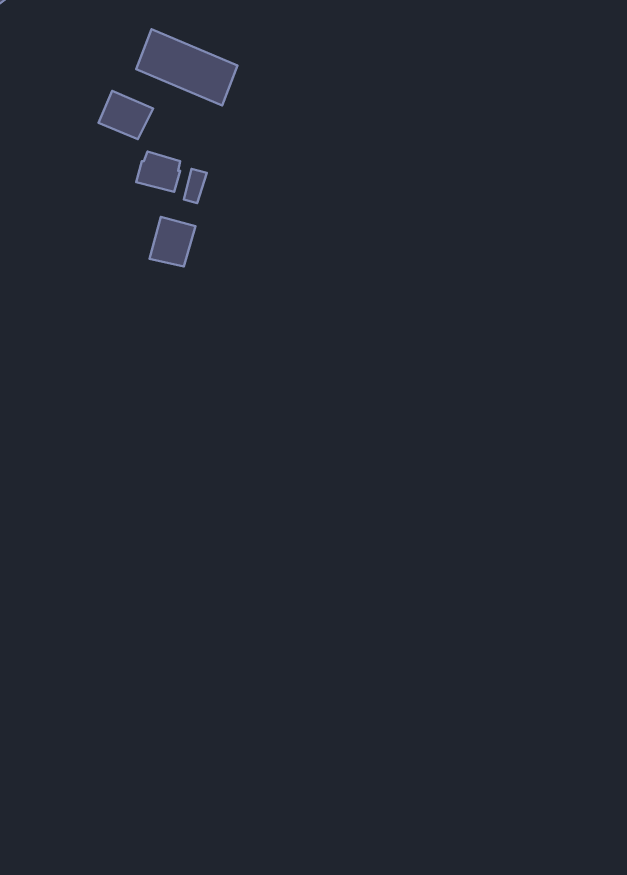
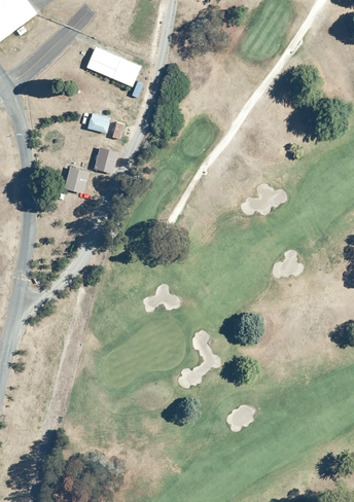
building: [99,91,153,139] -> none
building: none -> [64,166,88,192]

